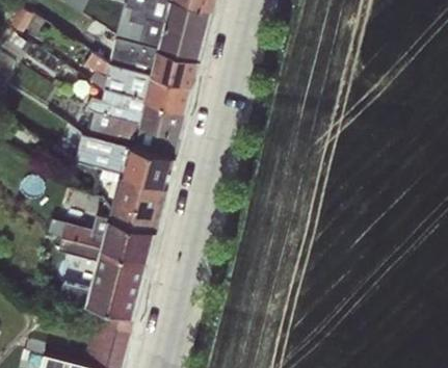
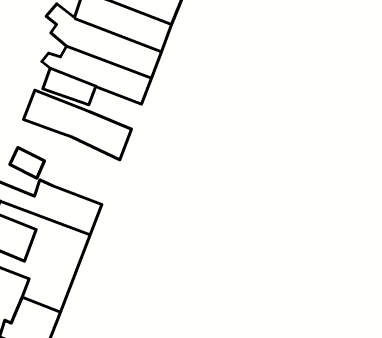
building: [132,125,179,159] -> none
building: [98,168,165,231] -> none

